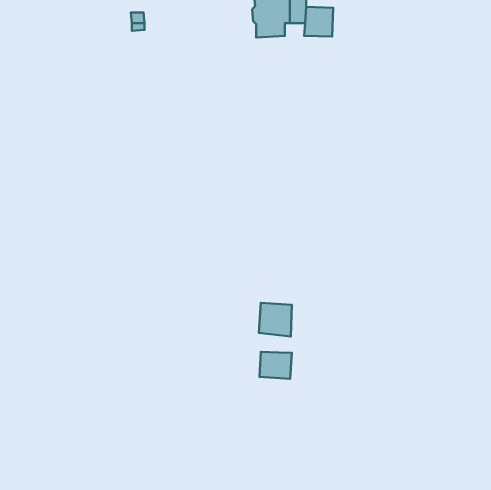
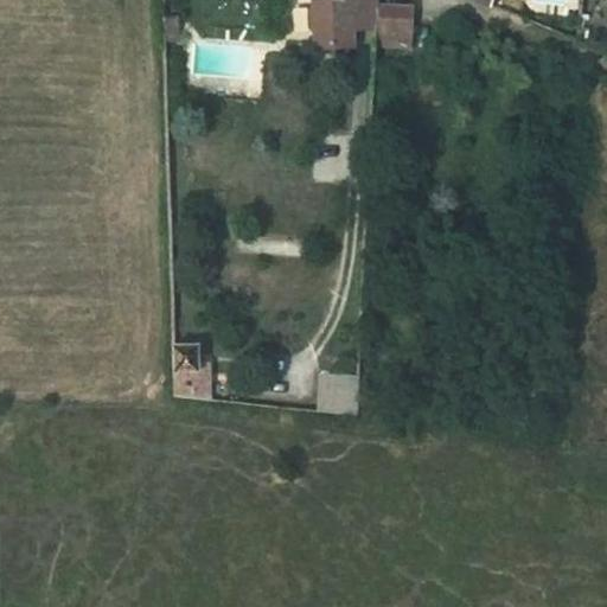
building: none -> [173,345,210,397]
building: [259,352,292,379] -> none

